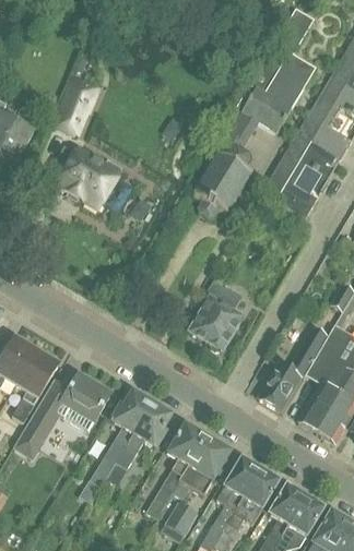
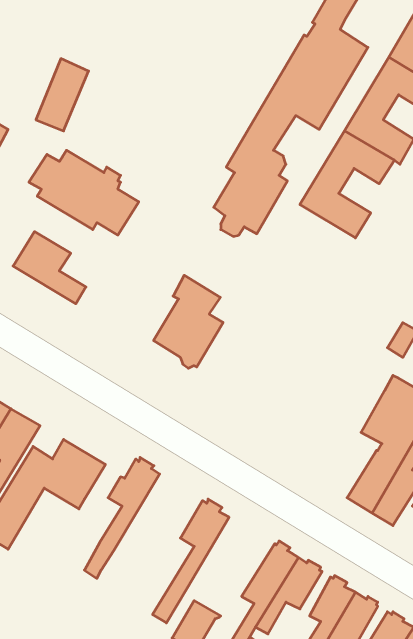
building: none -> [13,232,86,304]
building: [189,277,244,350] -> [154,275,223,368]
building: [259,326,329,408] -> none
building: [106,402,172,484] -> none
building: [174,435,231,498] -> none

